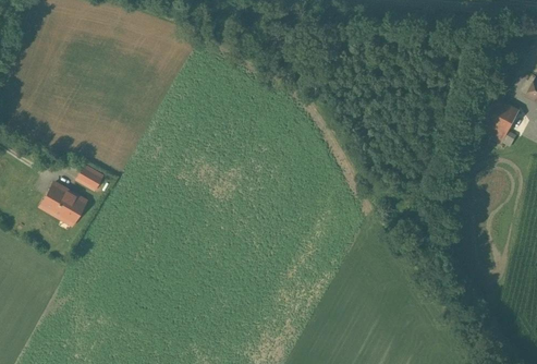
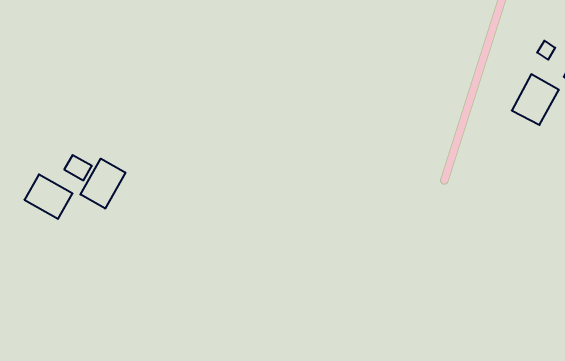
building: none -> [80,159,125,209]

